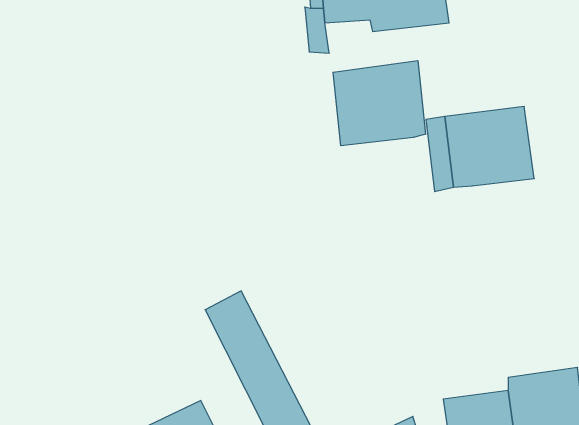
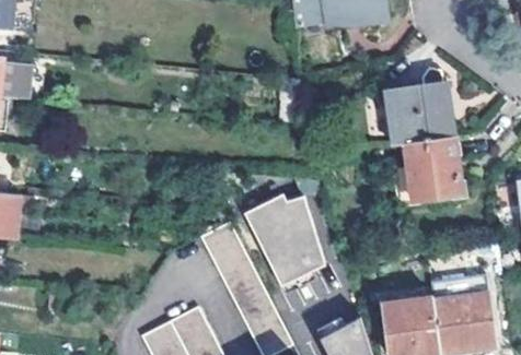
building: [333,61,426,146] -> none
building: none -> [405,138,461,200]
building: none -> [244,193,325,287]

